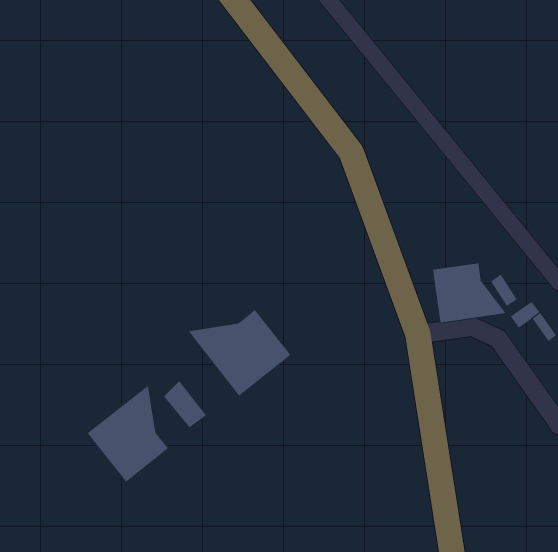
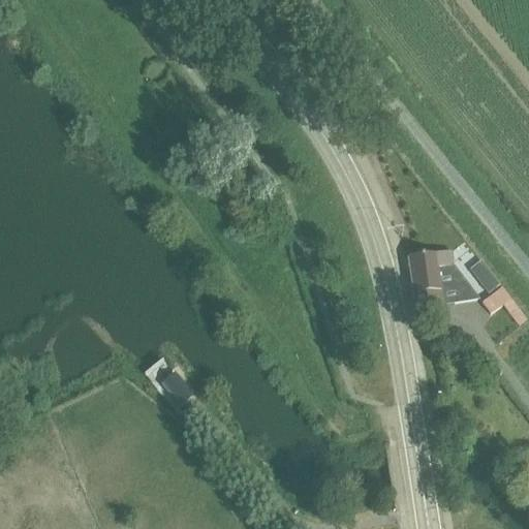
building: [188,309,291,396] -> none
building: [87,385,169,483] -> none

